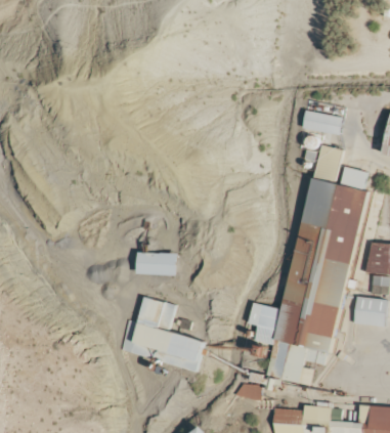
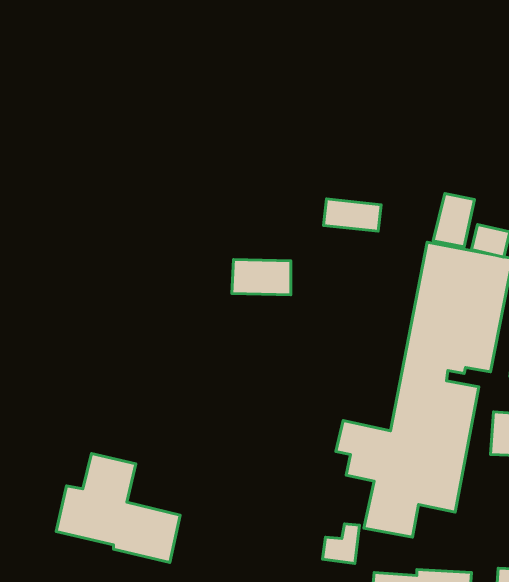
building: [302,111,342,133] -> [324,199,381,231]
building: [136,252,177,276] -> [232,260,291,295]
building: [119,297,205,373] -> [56,453,180,562]

